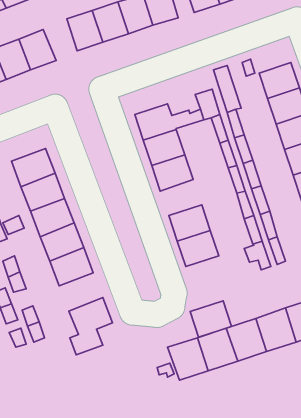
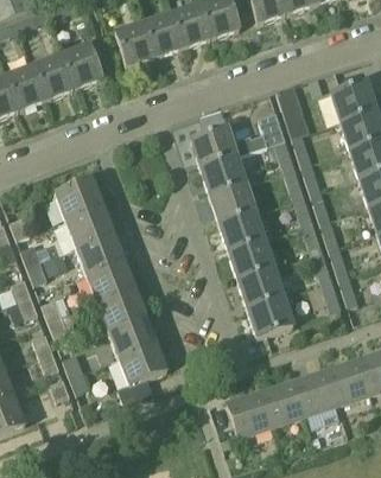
building: none -> [218,210,265,250]
building: none -> [106,314,154,357]
building: [190,301,232,337] -> [247,295,293,336]

